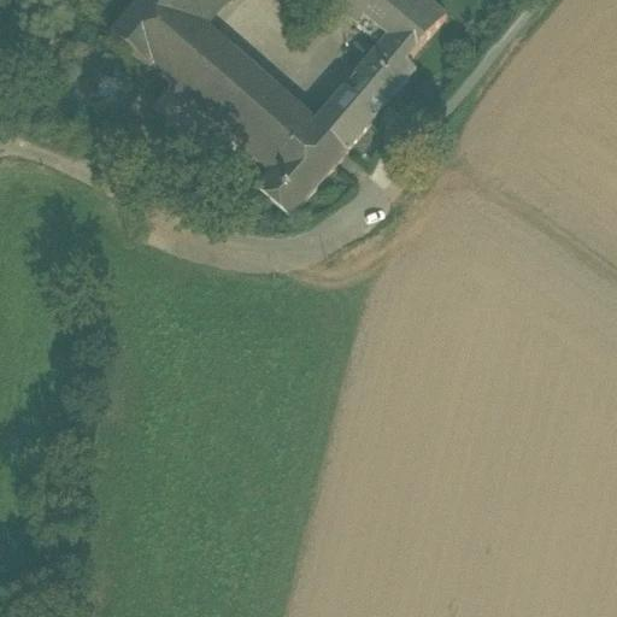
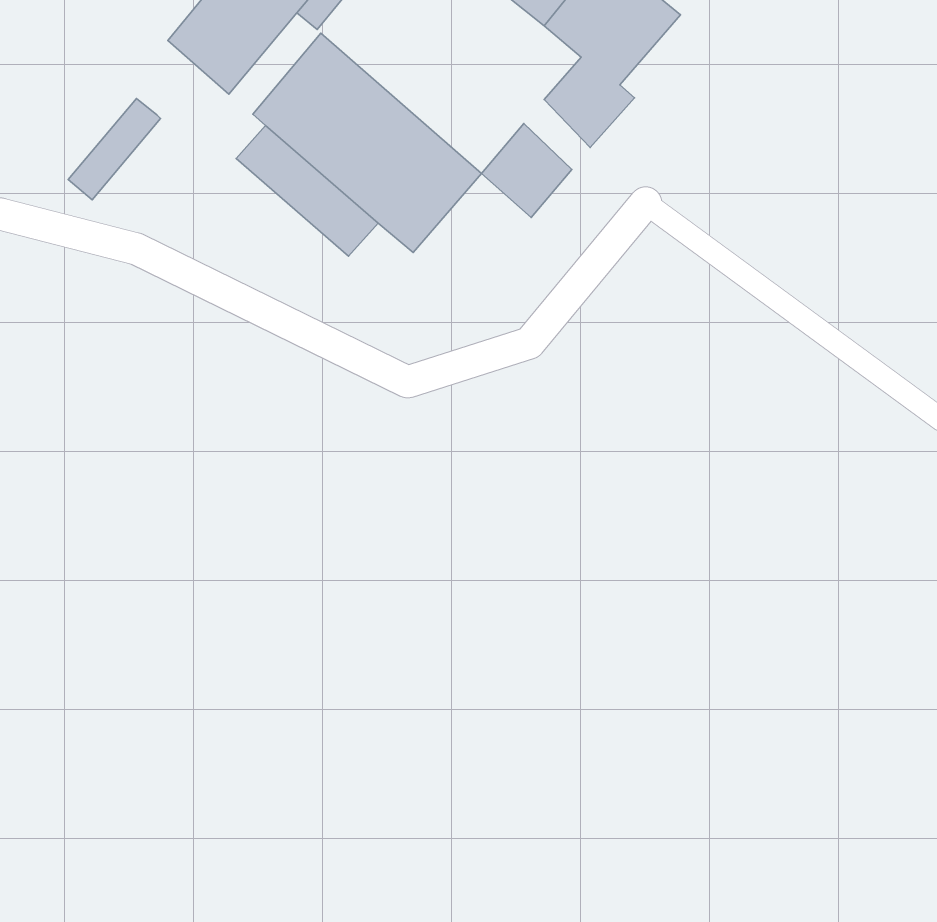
building: [153,8,213,75] -> [68,98,160,200]
building: [346,65,389,111] -> none
building: [259,113,351,211] -> none

